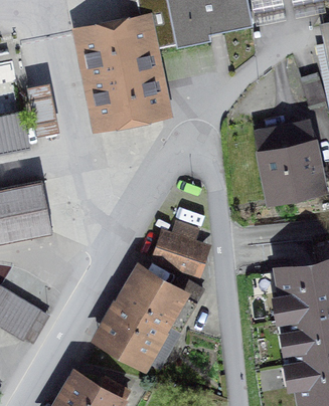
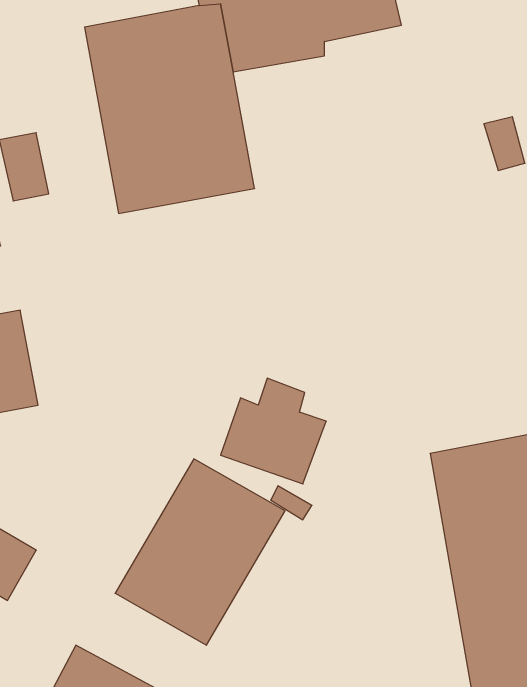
building: [263,124,317,197] -> none

